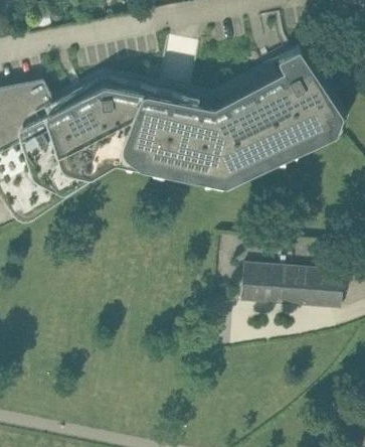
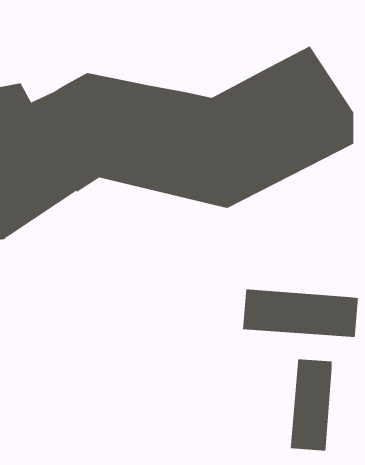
building: none -> [290,359,332,451]

